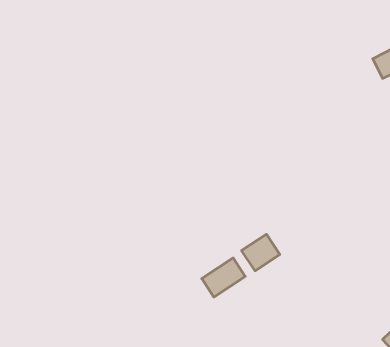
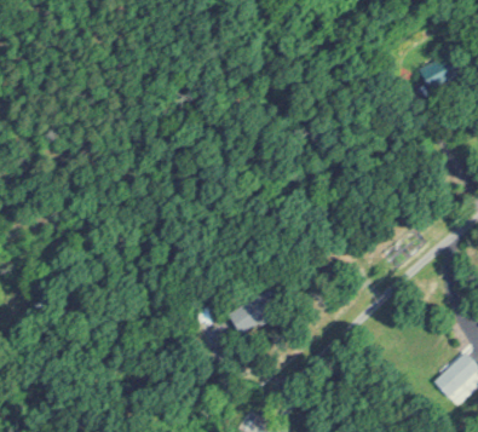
building: [242,234,280,271] -> none

